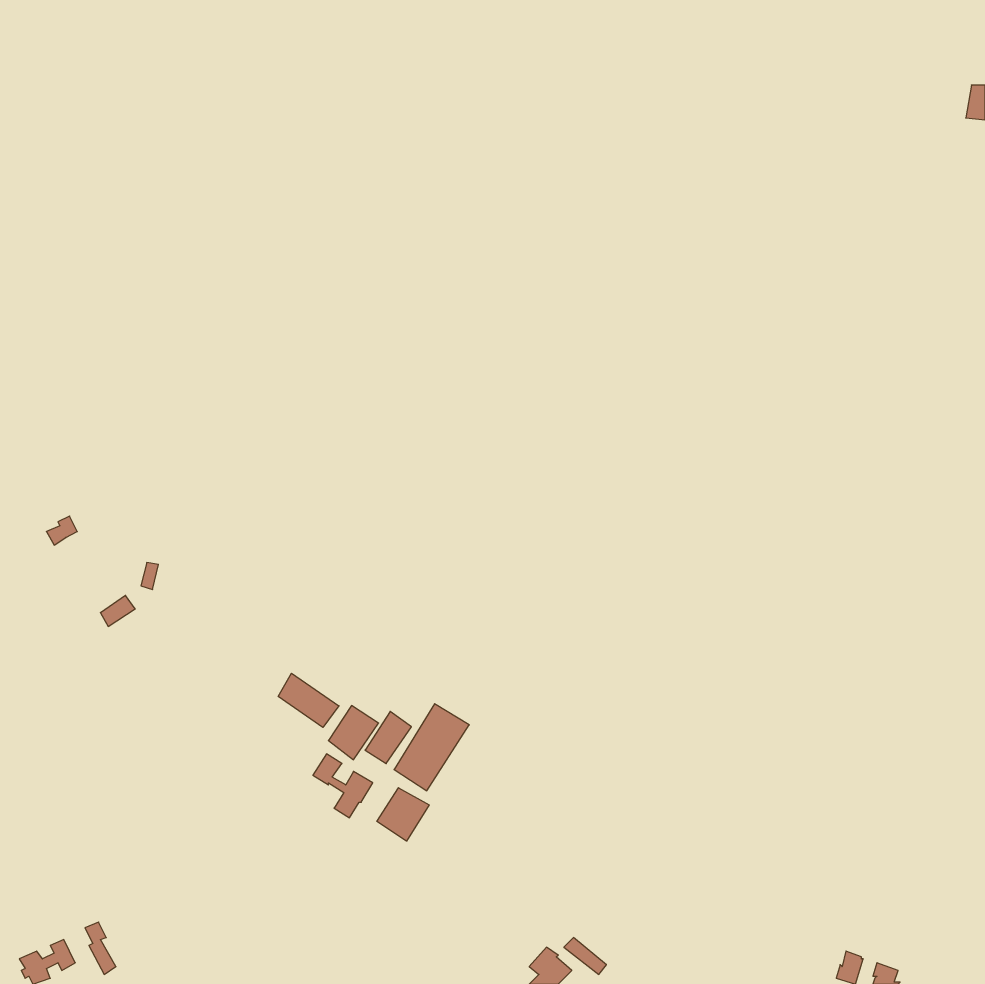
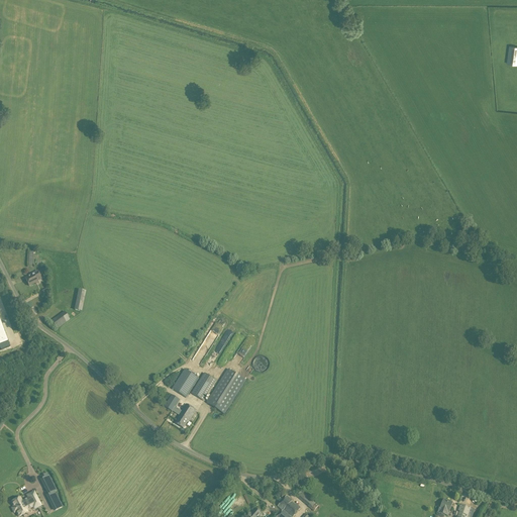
building: [278,673,339,727] -> none
building: [377,788,429,841] -> none

